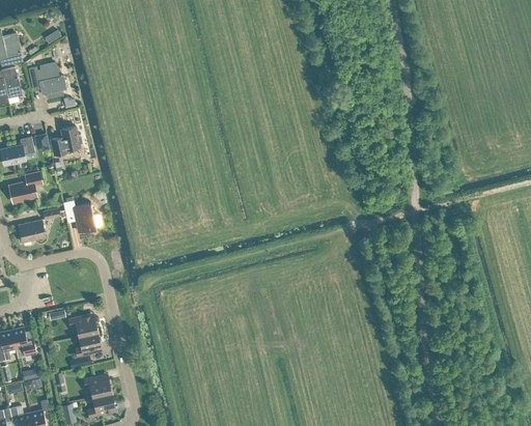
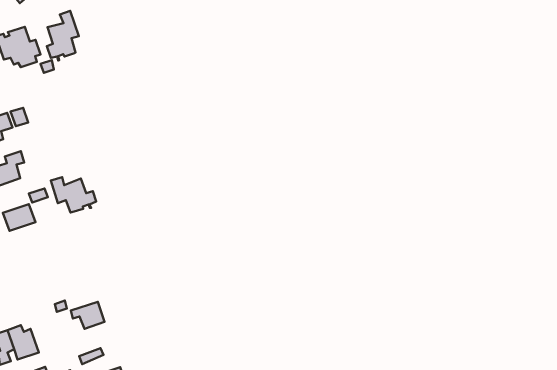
building: none -> [47,11,79,61]
building: [50,125,82,154] -> none
building: [75,332,102,356] -> none

